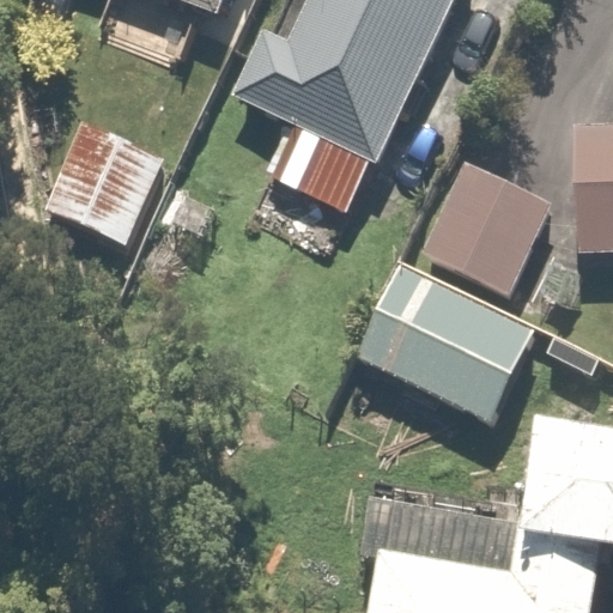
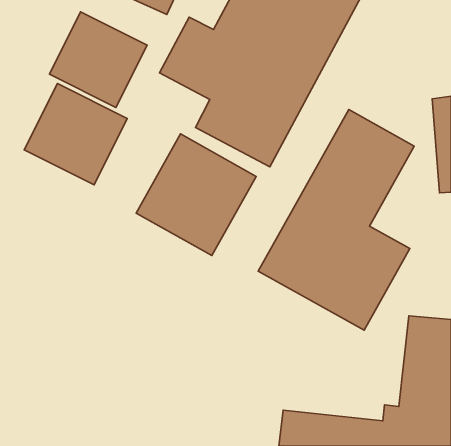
building: none -> [49,12,147,107]
building: none -> [136,134,256,256]

